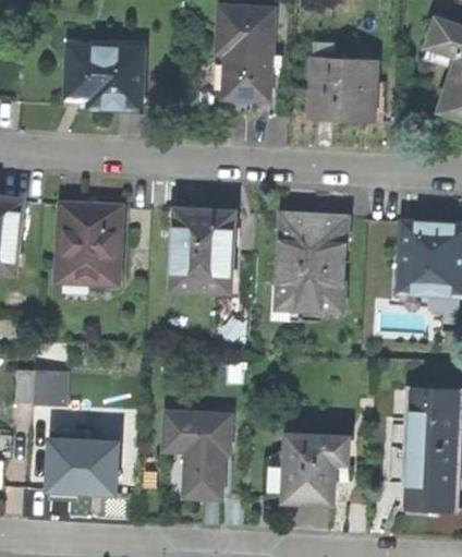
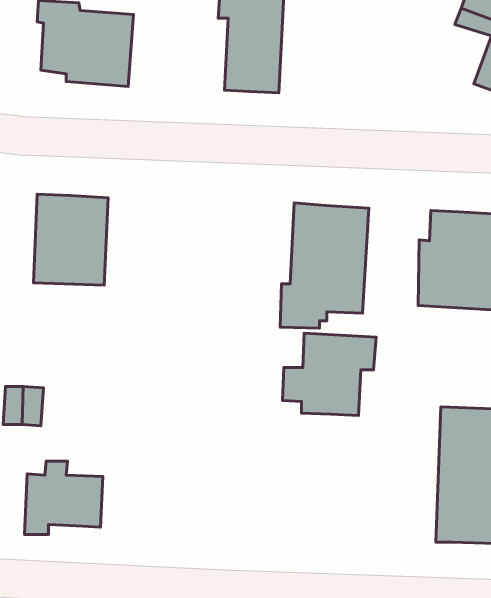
building: [309,57,384,123] -> none
building: [173,208,232,288] -> none
building: [163,412,230,496] -> none
building: [269,431,350,501] -> [283,333,376,416]

